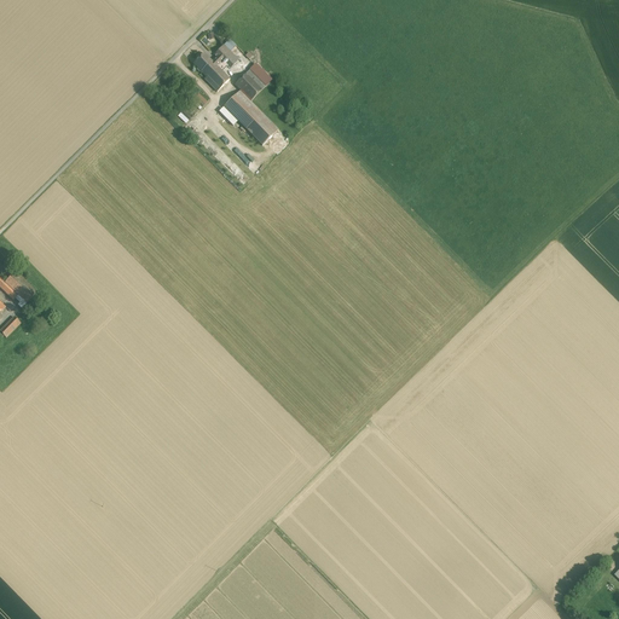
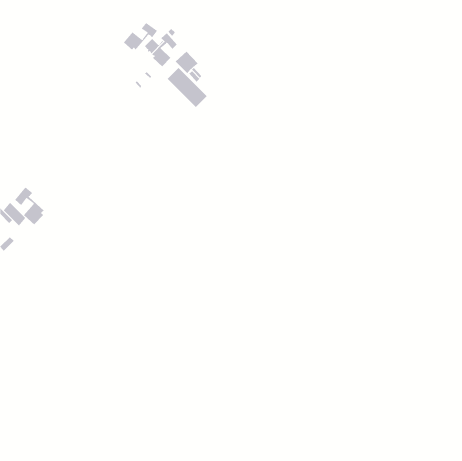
building: none -> [123,22,158,51]
building: none -> [15,187,45,225]

